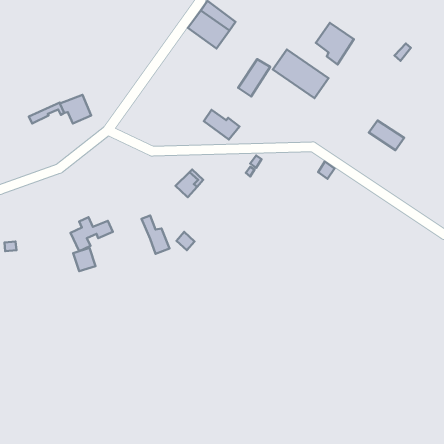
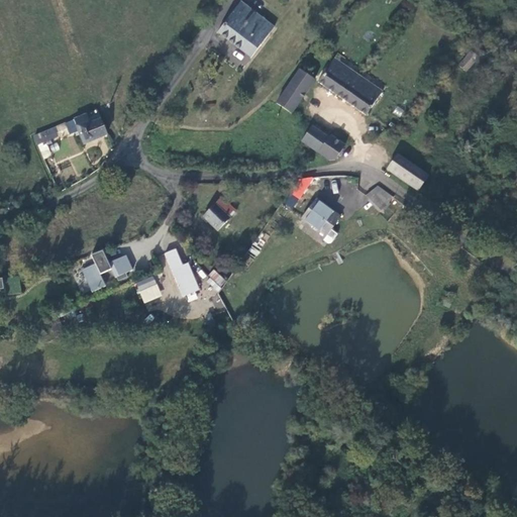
building: [316,23,354,64] -> none
building: [204,110,239,139] -> [302,126,343,161]
building: [369,120,404,150] -> [387,154,428,189]
building: none -> [301,196,339,240]
building: [73,248,96,271] -> [135,276,162,303]

